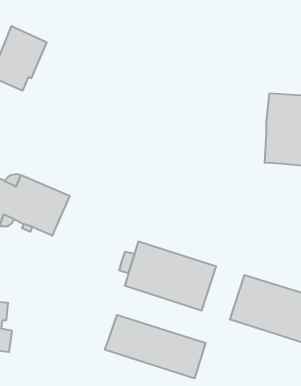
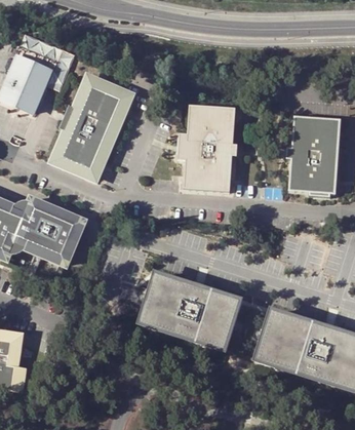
building: none -> [53,81,132,183]
building: none -> [177,104,239,191]
building: [105,315,206,378] -> none

